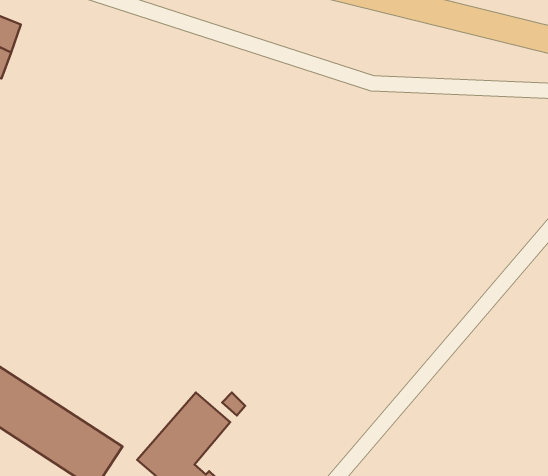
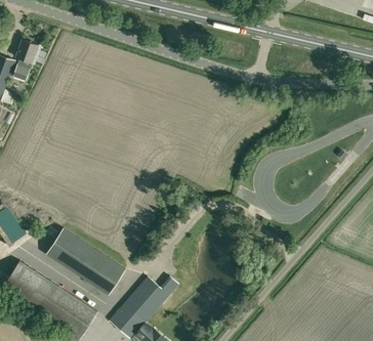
building: none -> [48,225,129,292]

